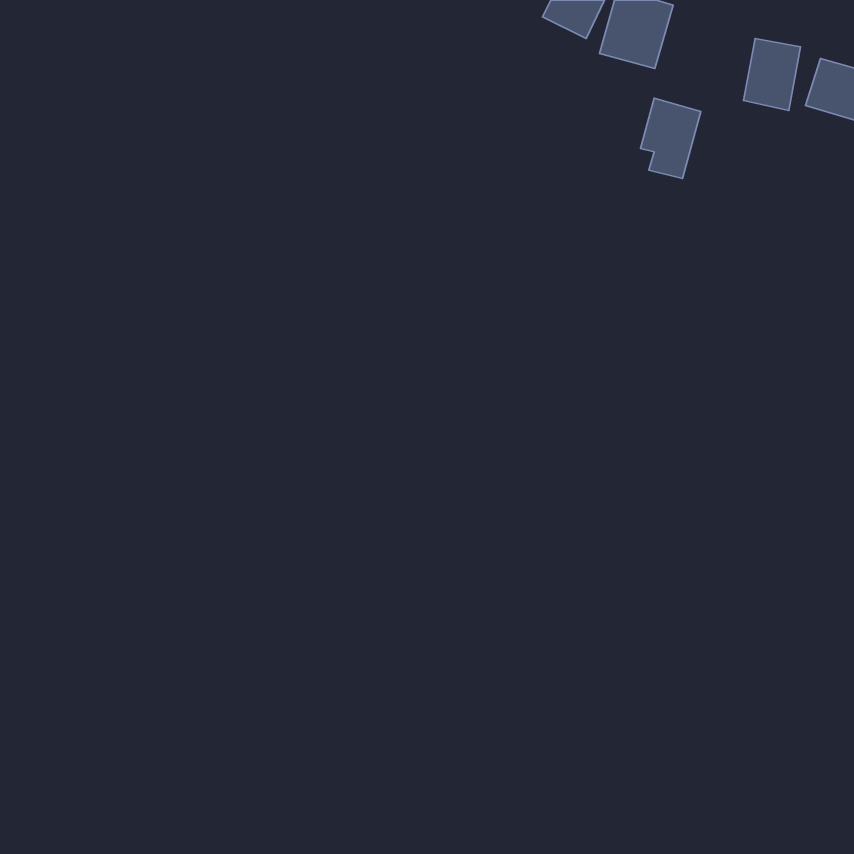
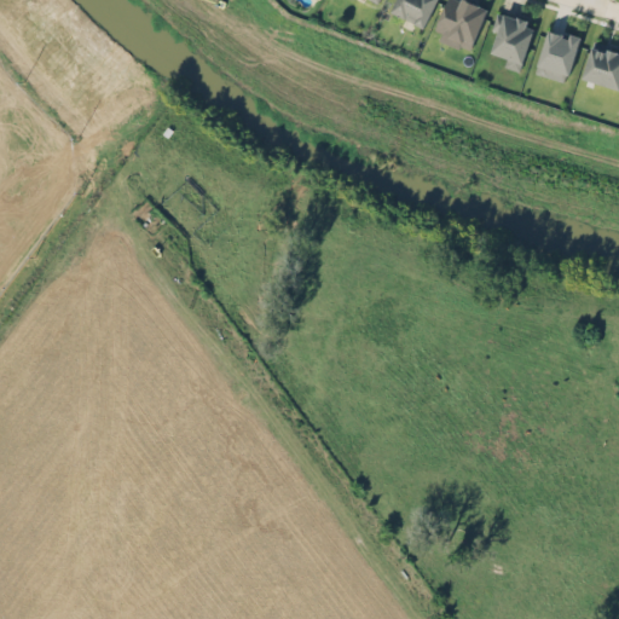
building: [641,98,701,179] -> [492,12,536,70]

